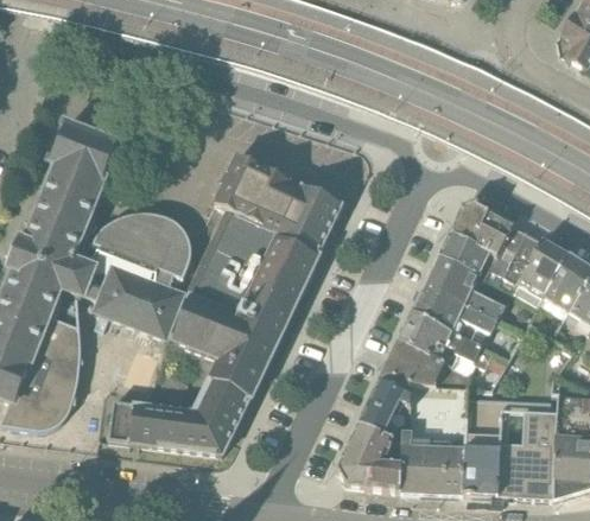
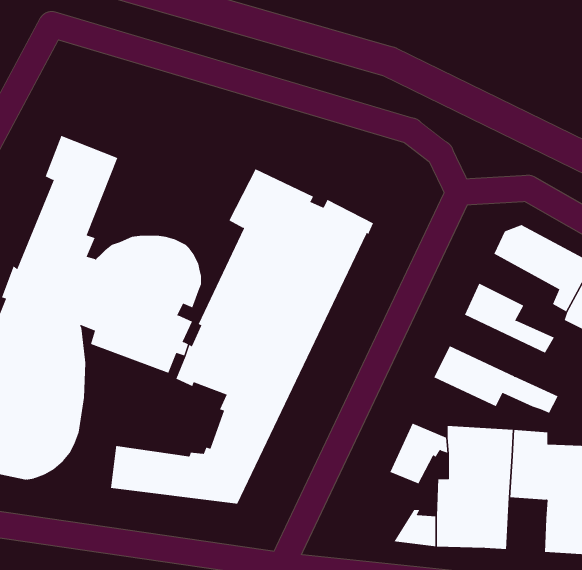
building: [437,230,508,277] -> none
building: [411,285,496,339] -> none
building: [378,341,469,394] -> none
building: [336,425,393,487] -> none
building: [462,447,497,496] -> none

